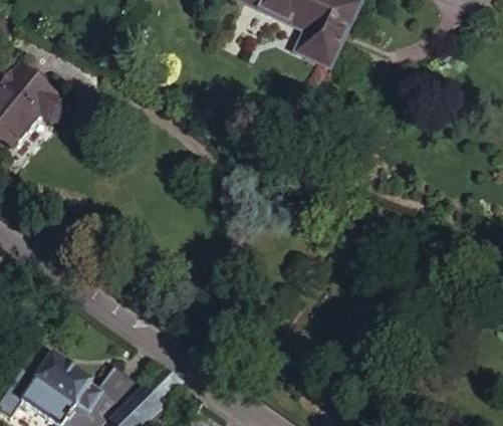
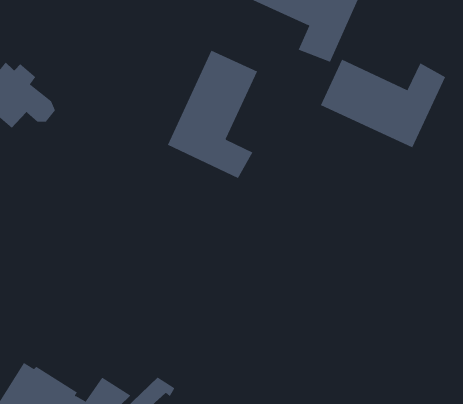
building: none -> [167,50,258,179]
building: none -> [320,59,446,148]

